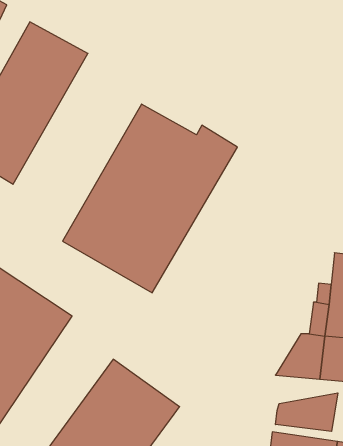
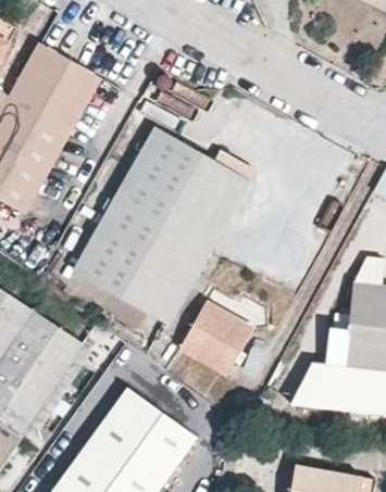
building: none -> [177,300,251,374]
building: [276,393,338,431] -> none

